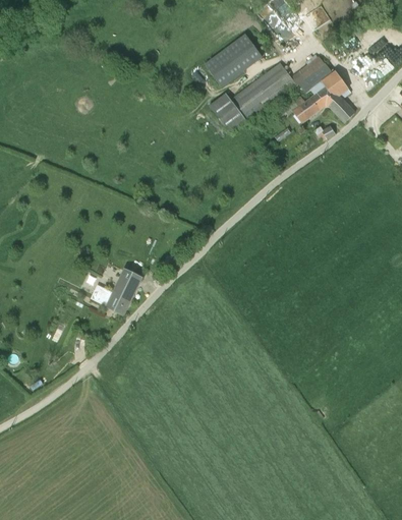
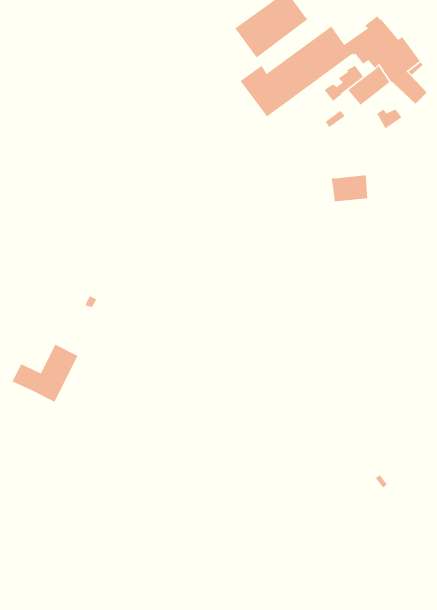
building: none -> [331,174,368,202]
building: [91,270,142,315] -> [12,344,79,403]

